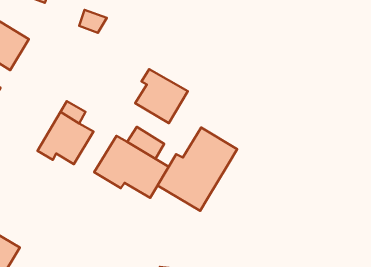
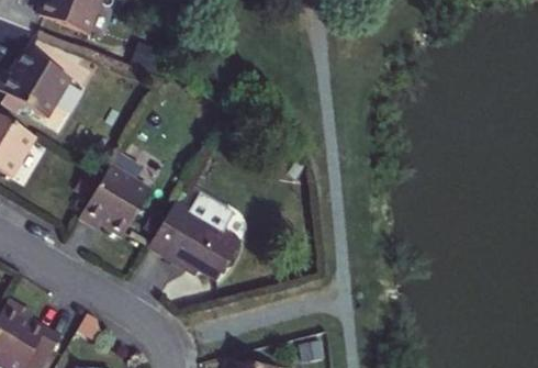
building: [135,69,188,123] -> none
building: [157,128,237,211] -> none

